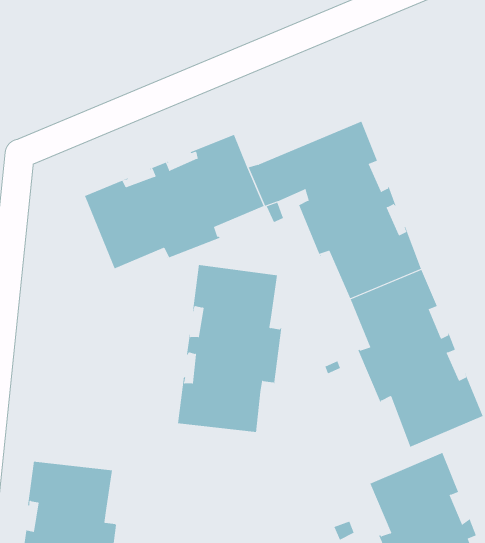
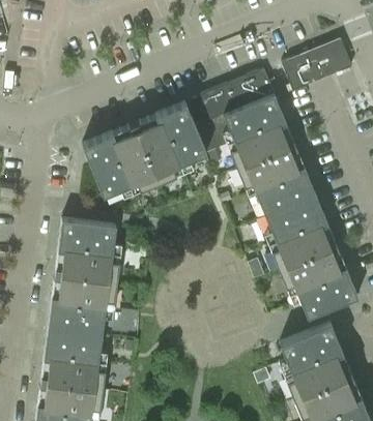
building: none -> [282,38,352,91]
building: none -> [193,69,275,123]
building: [177,265,282,432] -> [48,218,120,334]

